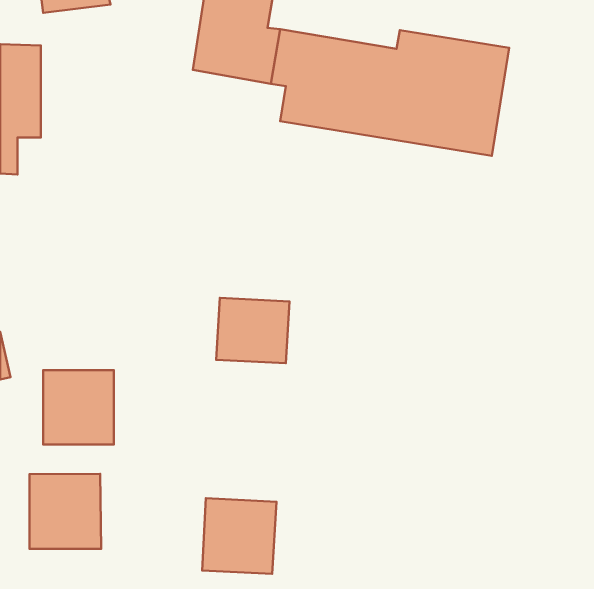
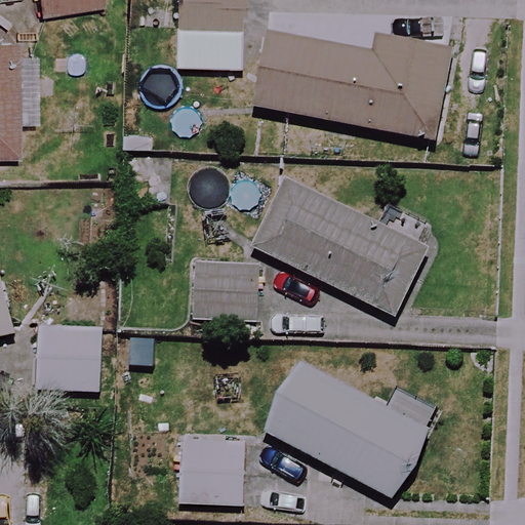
building: none -> [251,177,427,314]
building: none -> [264,361,431,498]
building: [30,474,101,549] -> none

